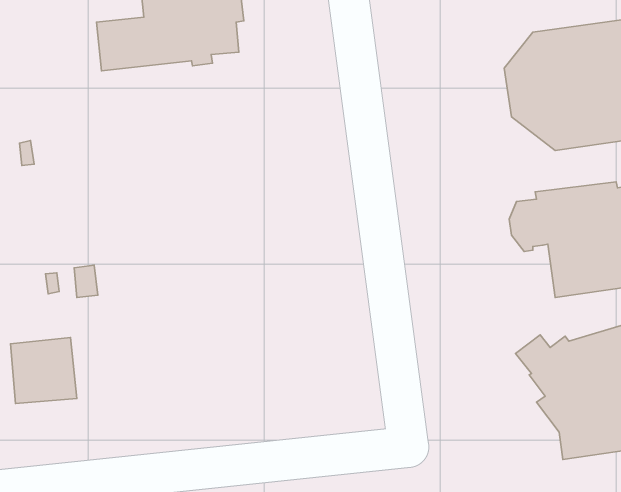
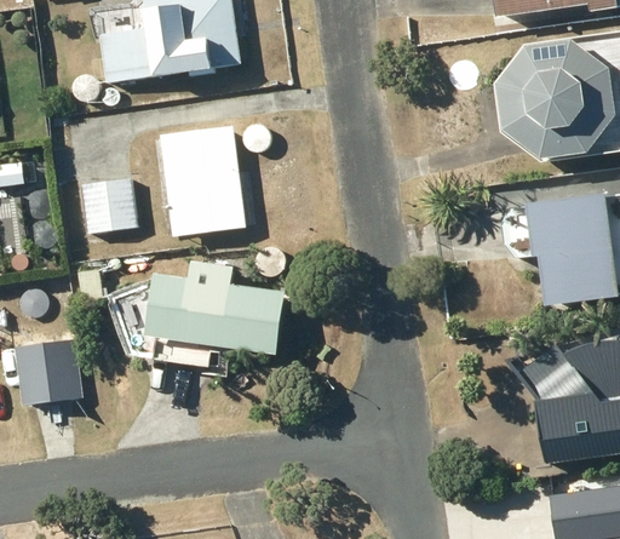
building: none -> [159,125,256,236]
building: none -> [81,179,139,234]
building: none -> [110,270,283,365]

